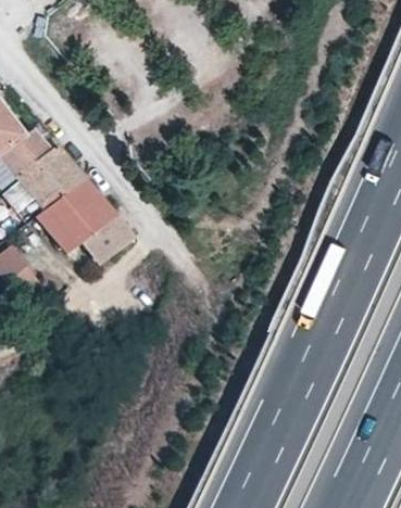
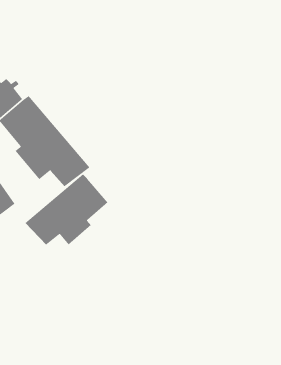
building: none -> [25,173,108,246]

